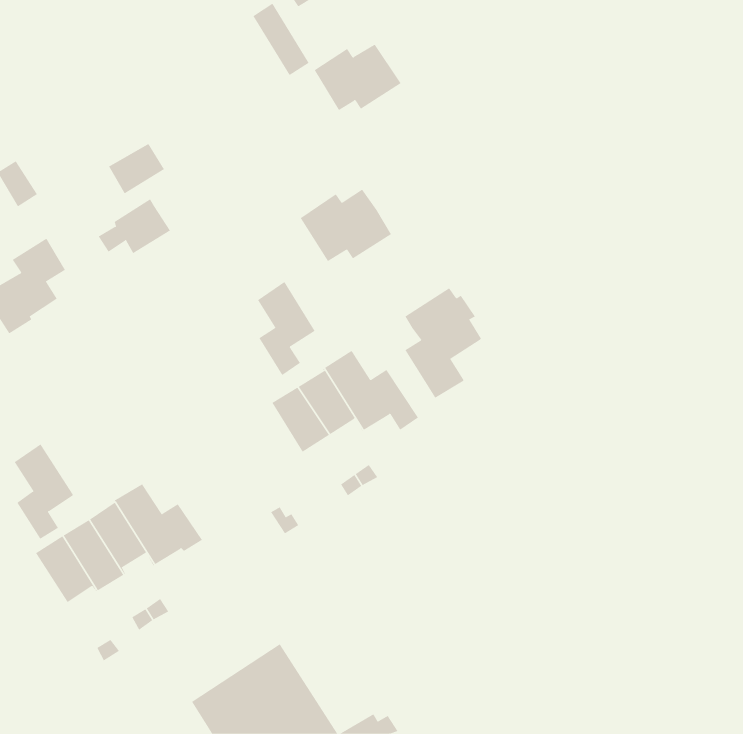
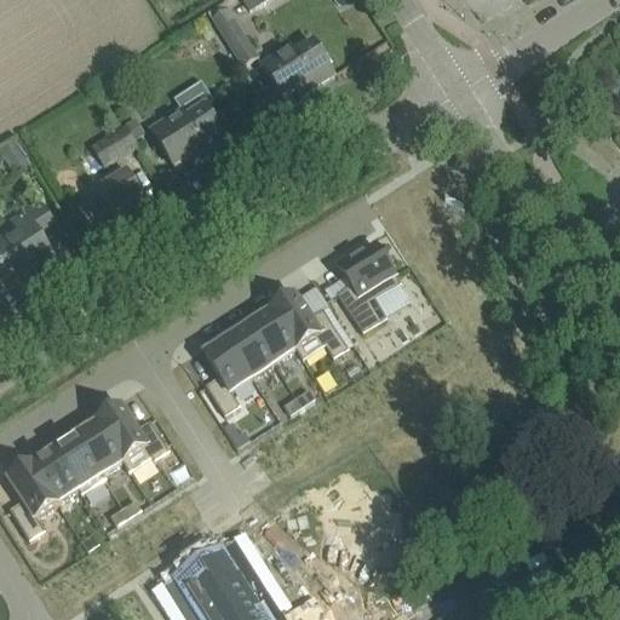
building: [300,189,392,262] -> [149,101,225,161]
building: [257,281,315,376] -> [202,334,251,413]
building: [14,443,74,539] -> [6,458,56,538]

